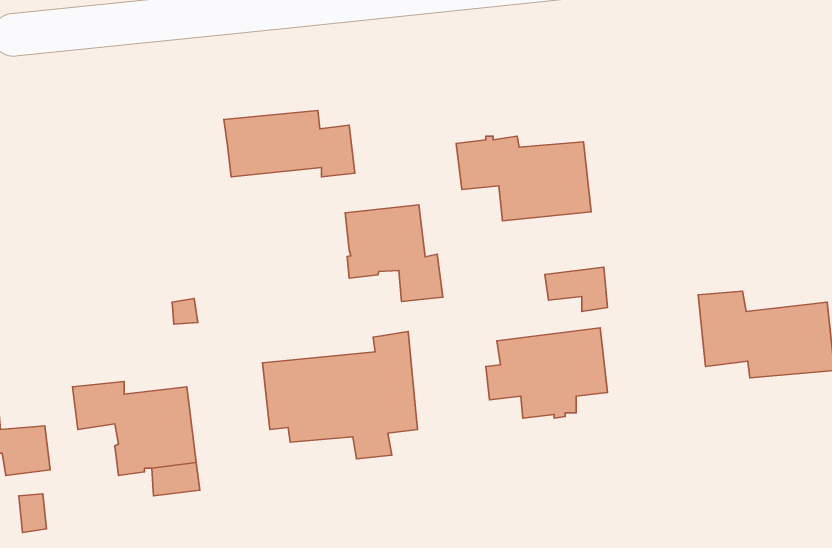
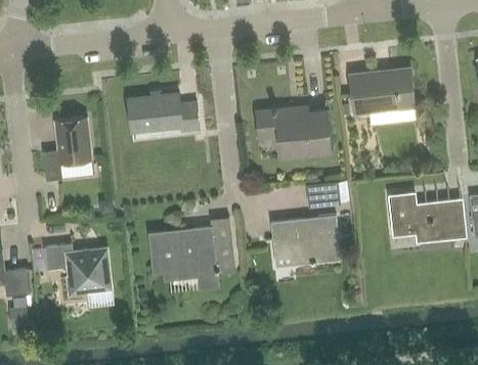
building: none -> [350,67,417,123]
building: none -> [42,118,91,181]
building: [345,205,443,301] -> none

